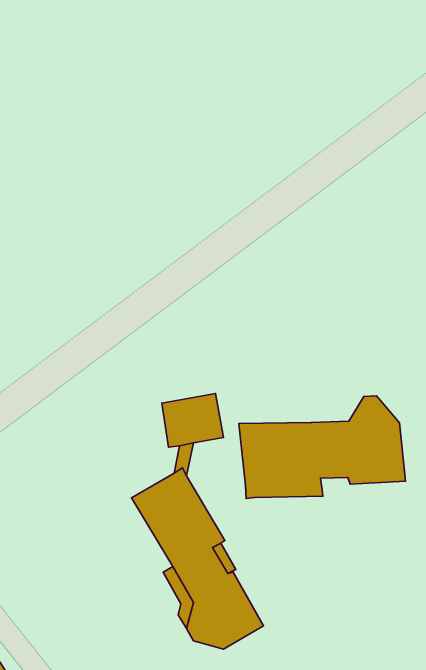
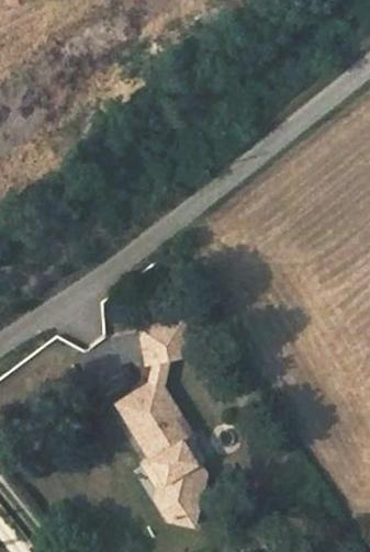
building: [239,396,406,498] -> none

